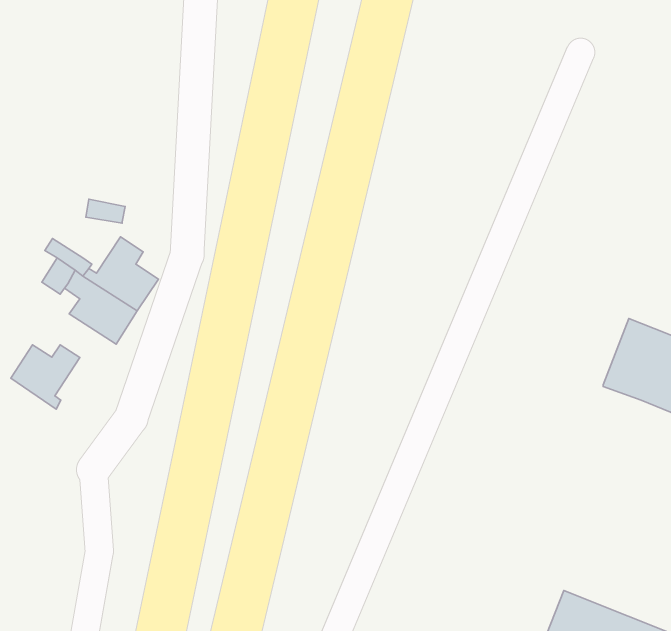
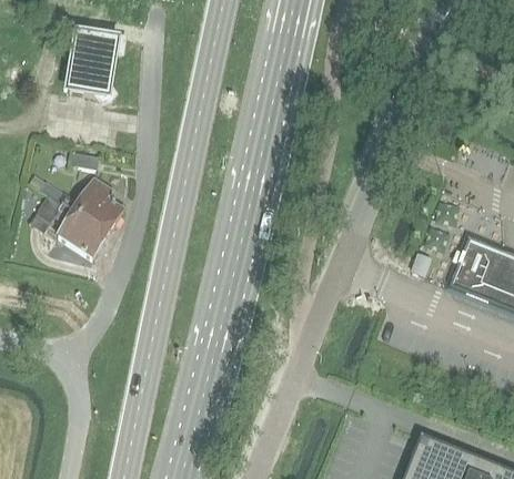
building: none -> [64,34,123,101]
building: [11,345,80,409] -> none

